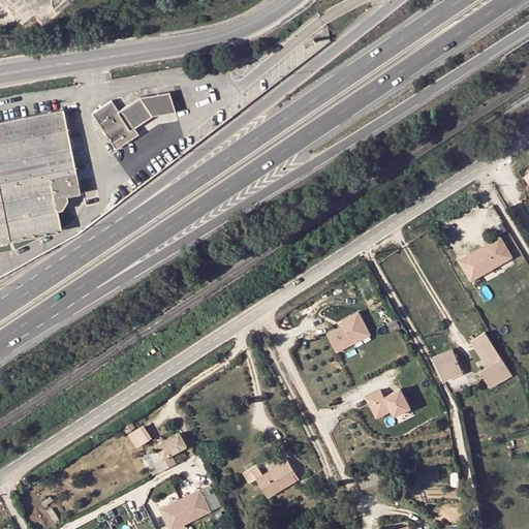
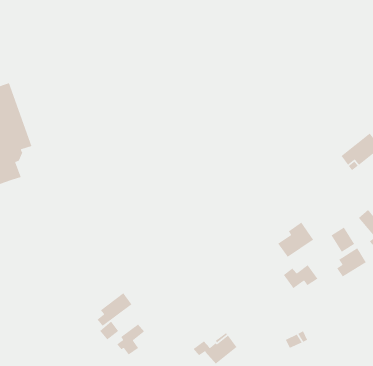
building: [93,93,175,150] -> none
building: [326,310,373,352] -> [277,222,314,258]
building: none -> [336,247,367,278]
building: none -> [96,292,132,327]

